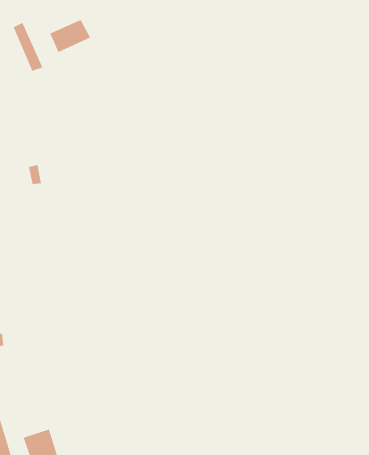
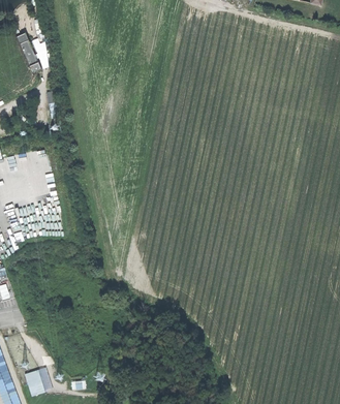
building: [50,19,91,53] -> none

